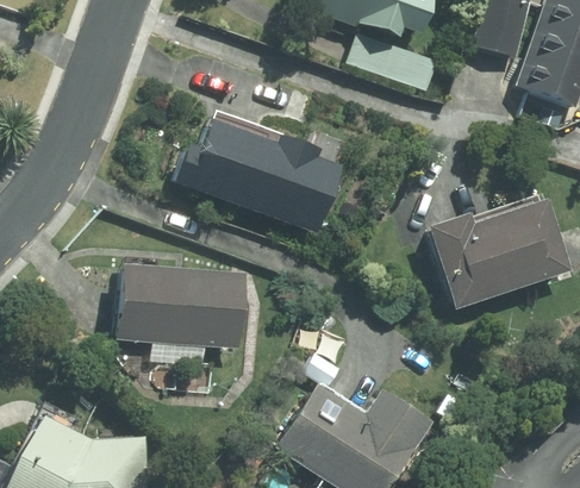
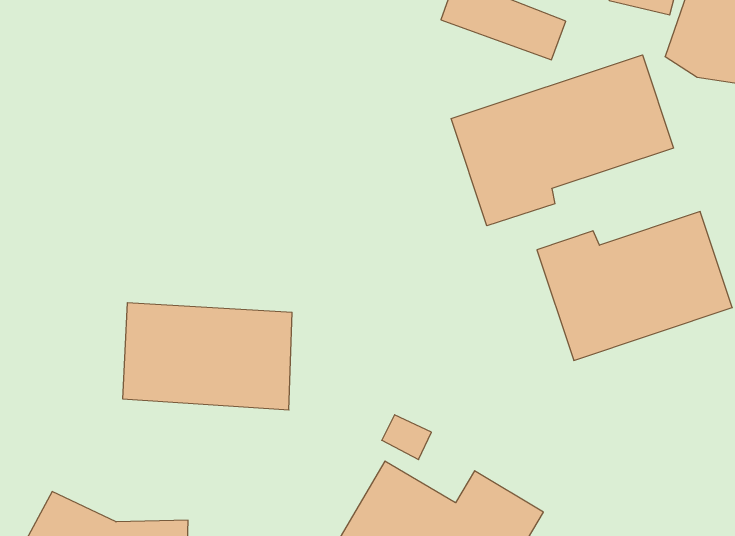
building: none -> [451,55,673,226]
building: [171,110,354,231] -> none

